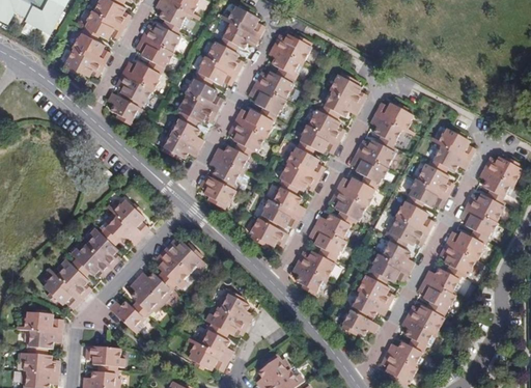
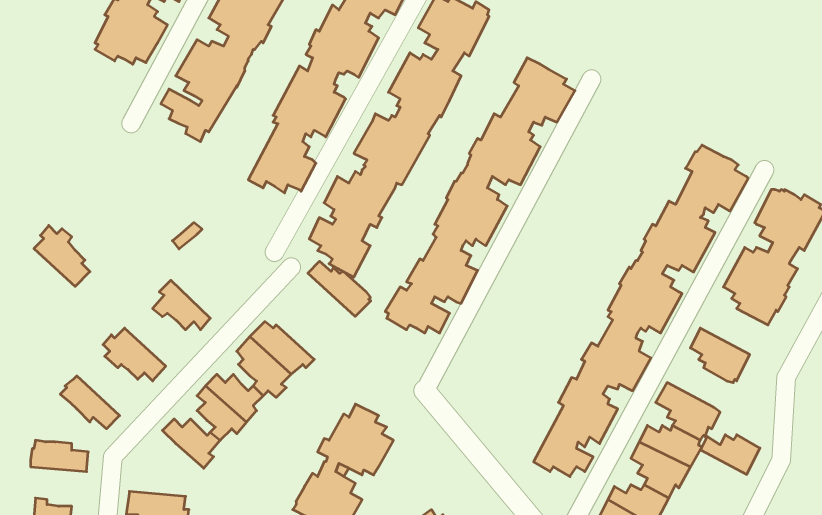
building: [290,102,413,296] -> none
building: none -> [308,261,371,316]
building: [110,201,144,237] -> none
building: [82,228,117,267] -> [34,225,90,286]
building: [444,230,486,260] -> none
building: [52,260,86,298] -> none
building: [423,268,460,293] -> [701,435,760,474]
building: [22,330,58,351] -> none

